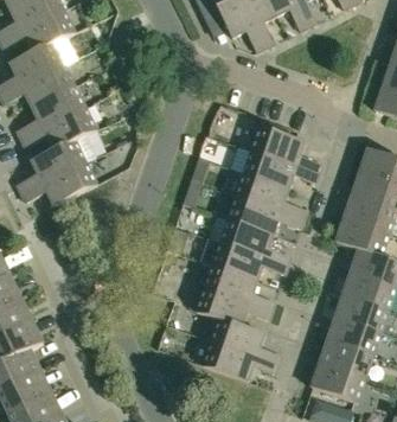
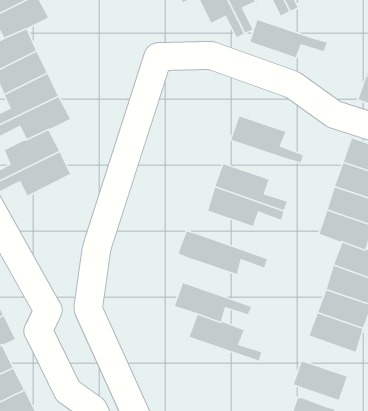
building: [243,149,319,187] -> [250,19,328,58]
building: [219,218,290,264] -> none
building: [204,264,275,311] -> none
building: [319,339,372,378] -> none
building: [201,340,278,381] -> none

